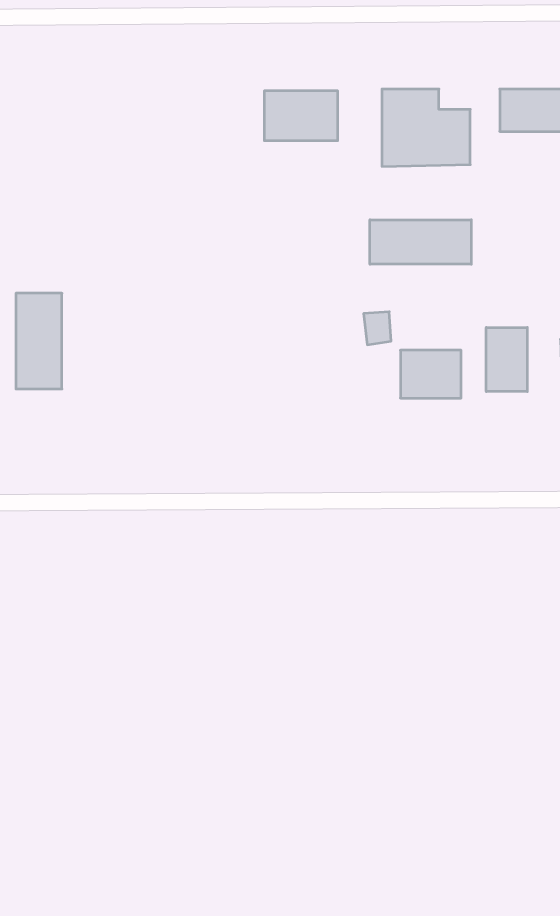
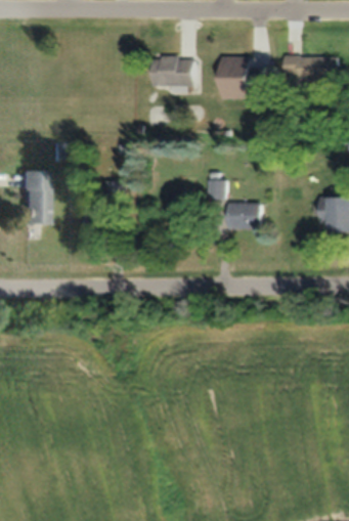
building: [370,220,471,264] -> none
building: [486,327,527,392] -> none

